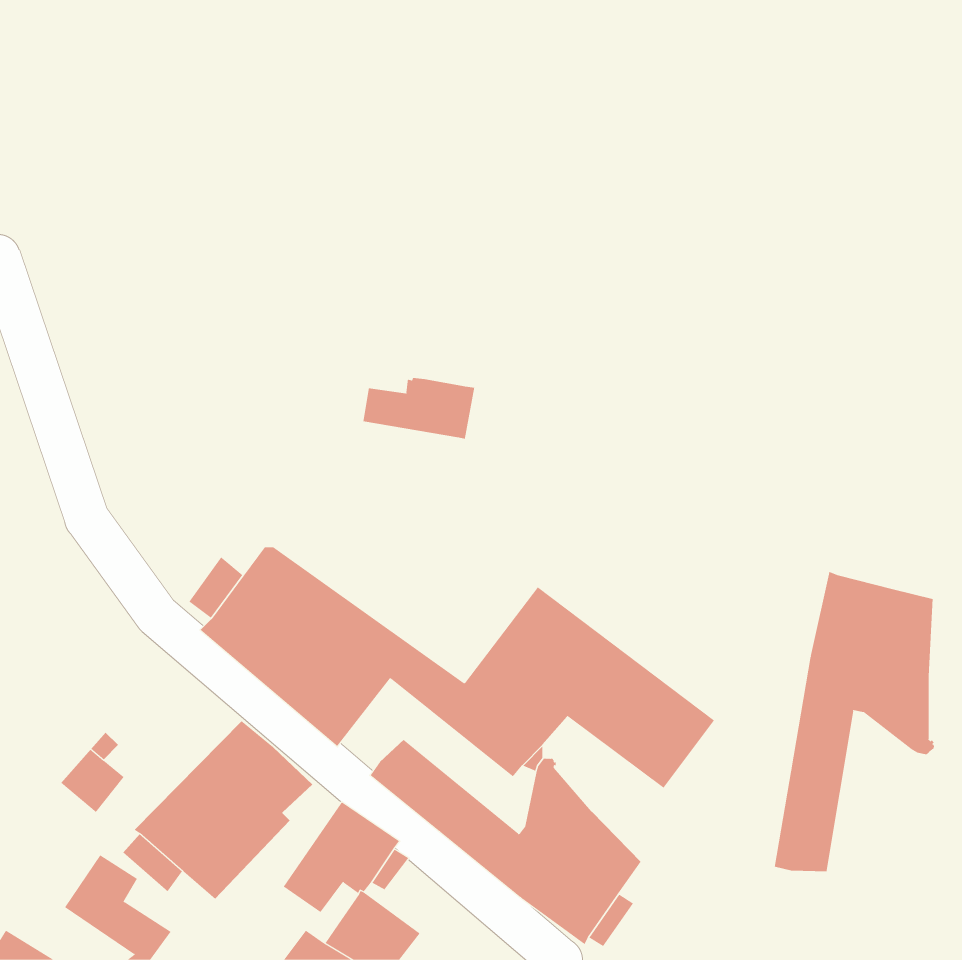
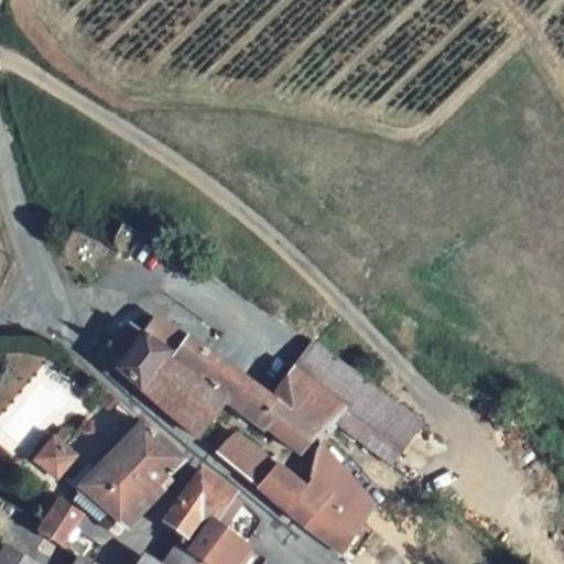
building: [363,377,475,439] -> none
building: [774,571,935,872] -> none

